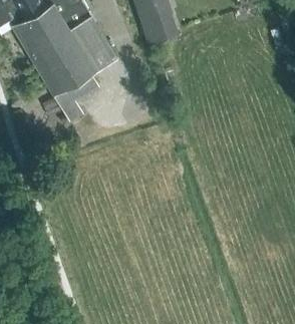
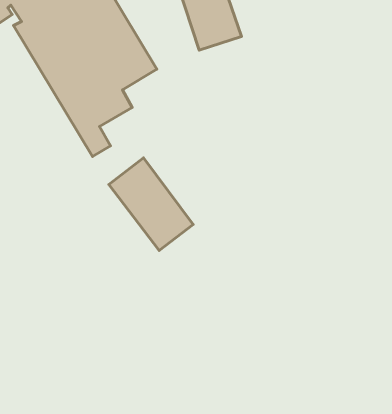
building: none -> [109,158,193,250]

